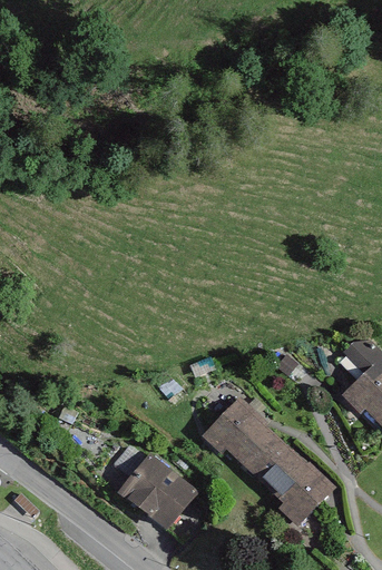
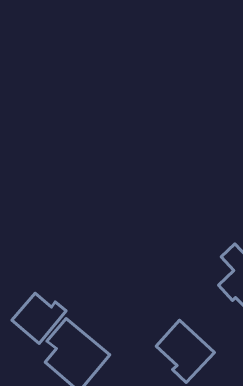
building: [203,396,287,475] -> none
building: none -> [12,293,66,343]

